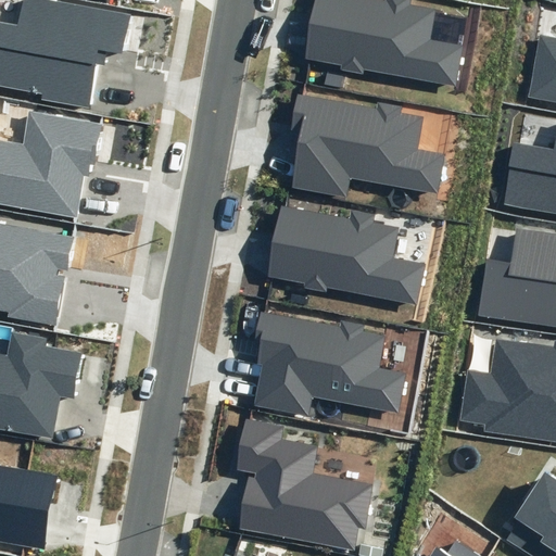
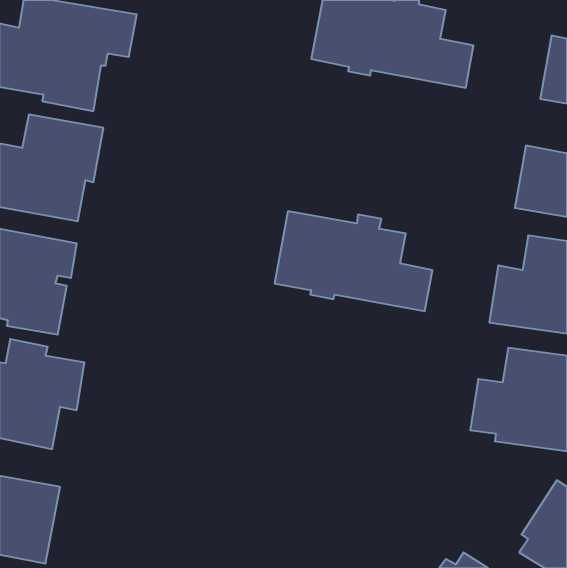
building: [291,94,444,197] -> none
building: [252,312,404,417] -> none
building: [236,418,375,549] -> none

